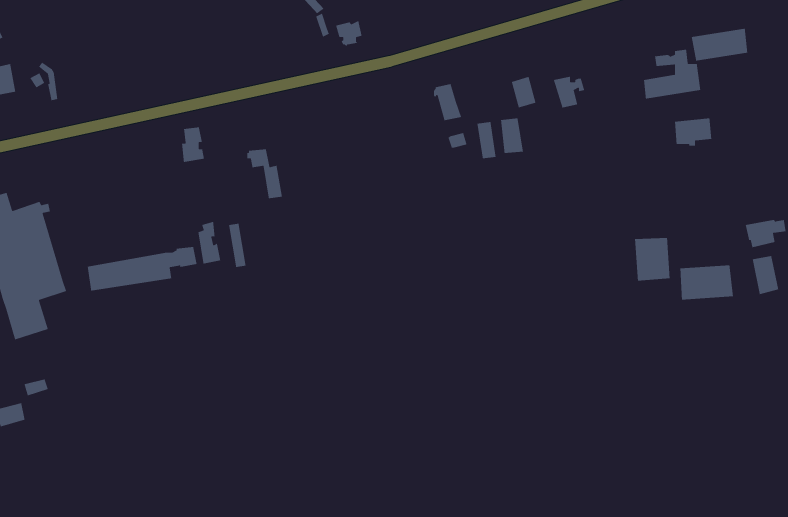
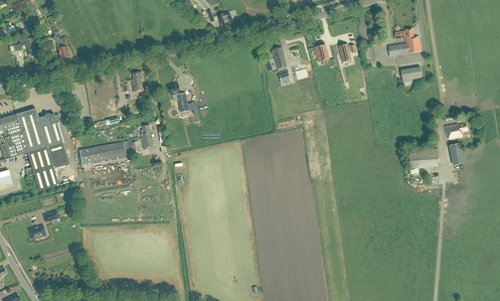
building: [691,28,748,62] -> none
building: [634,237,670,281] -> none

